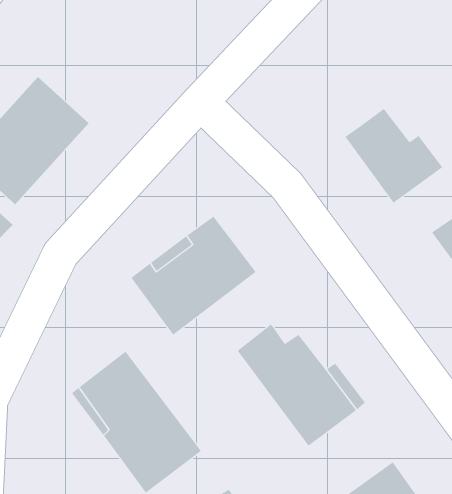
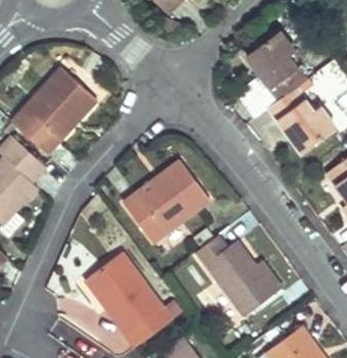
building: none -> [245,32,306,101]

